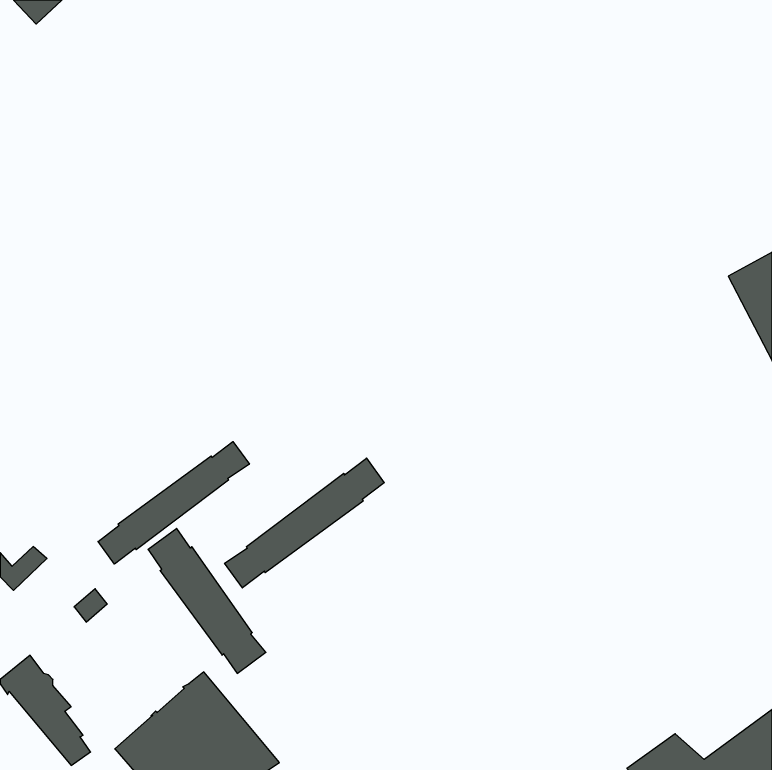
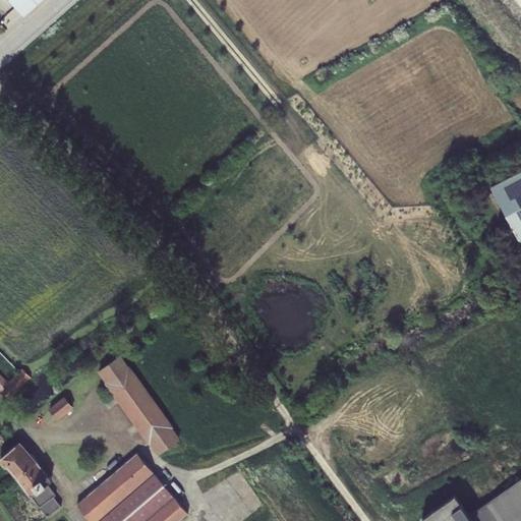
building: [98,442,249,564] -> none
building: [225,458,384,588] -> none

